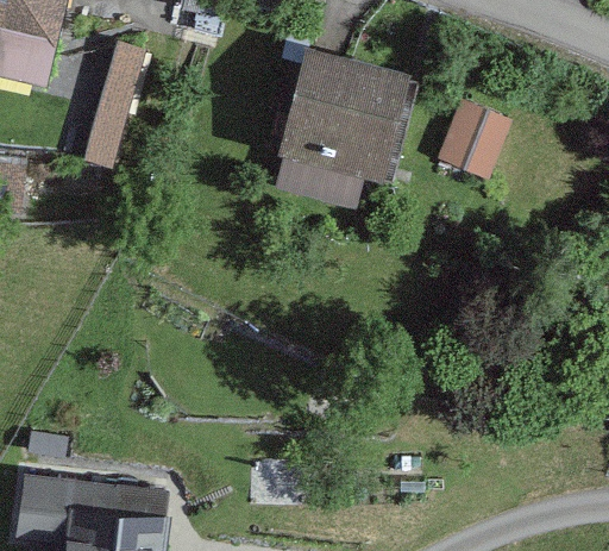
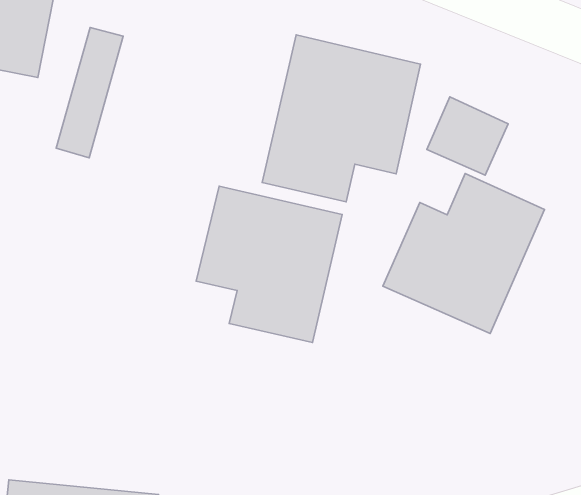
building: none -> [383,173,545,334]
building: none -> [196,186,342,343]

